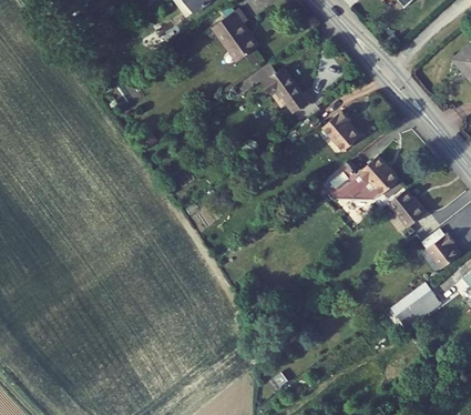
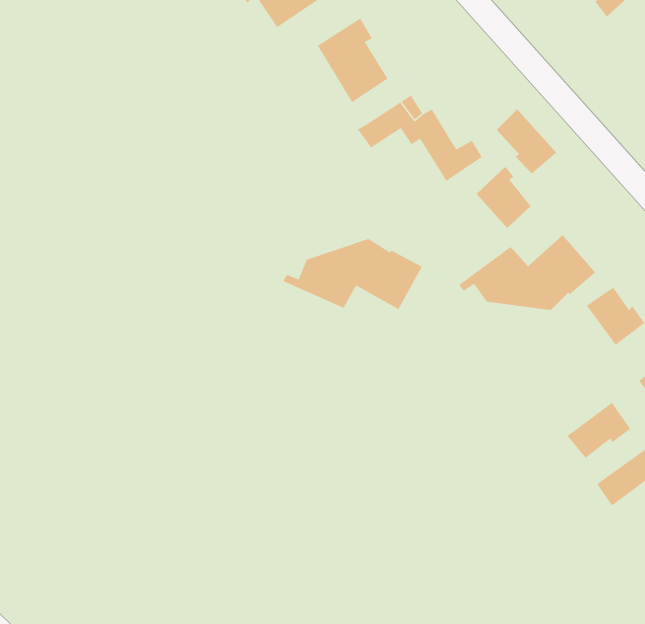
building: none -> [496,109,557,175]
building: none -> [283,238,423,310]
building: none -> [567,402,631,459]

